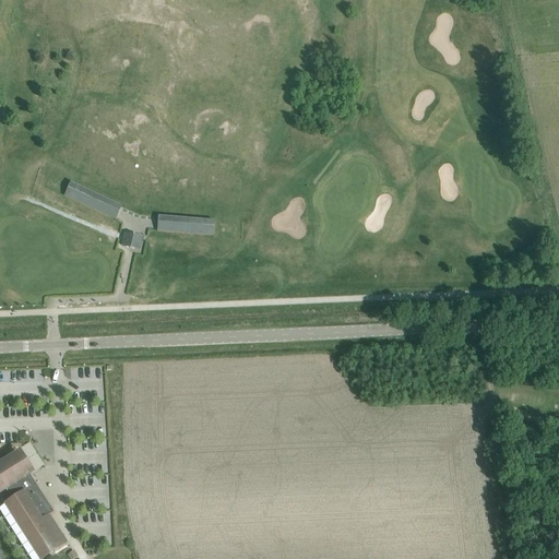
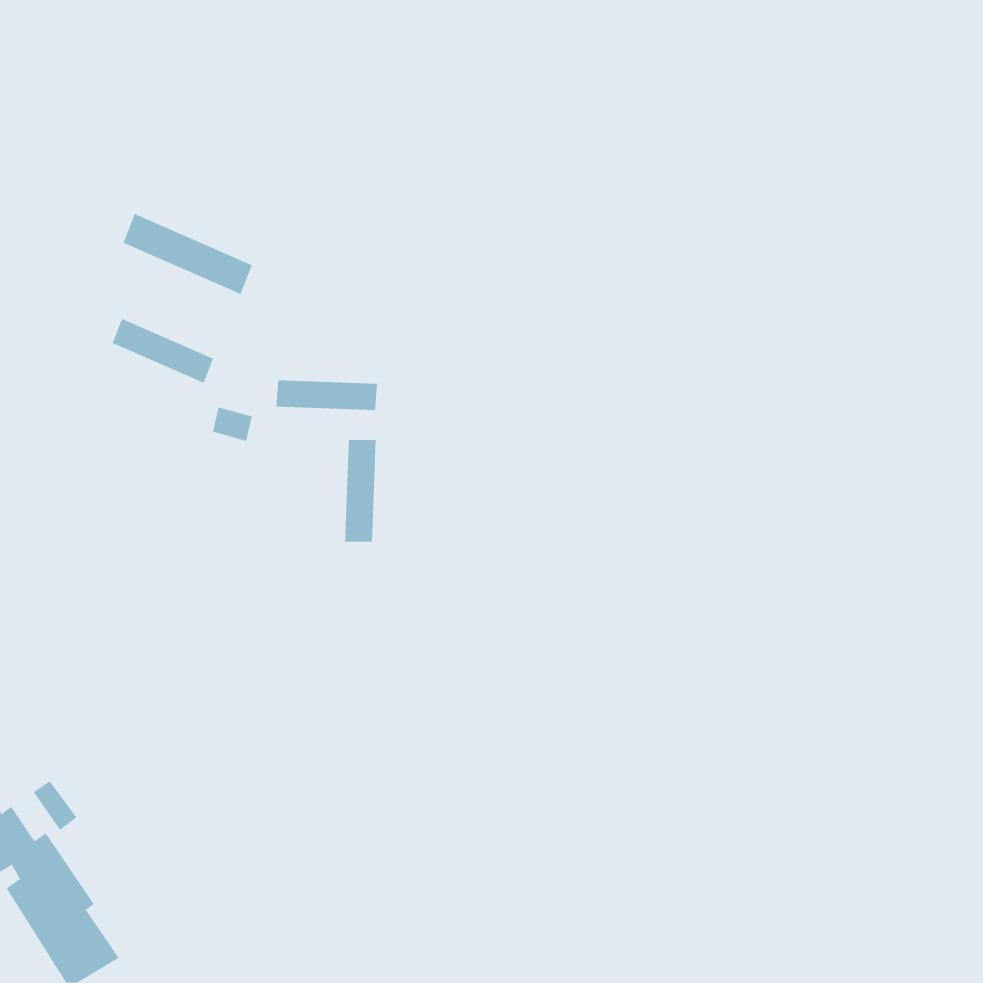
building: none -> [123,213,253,295]
building: none -> [345,439,376,543]

